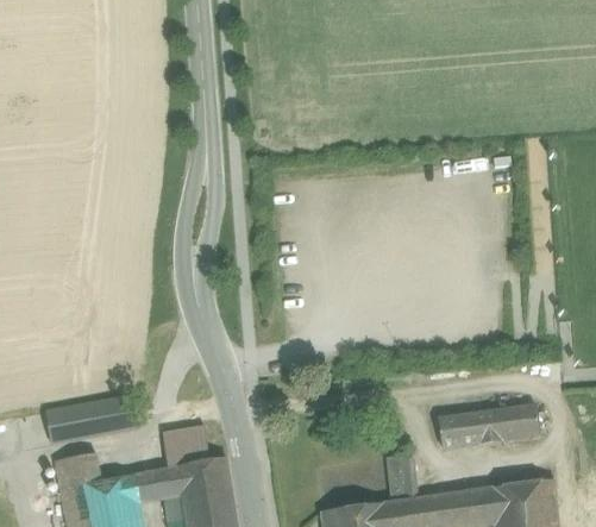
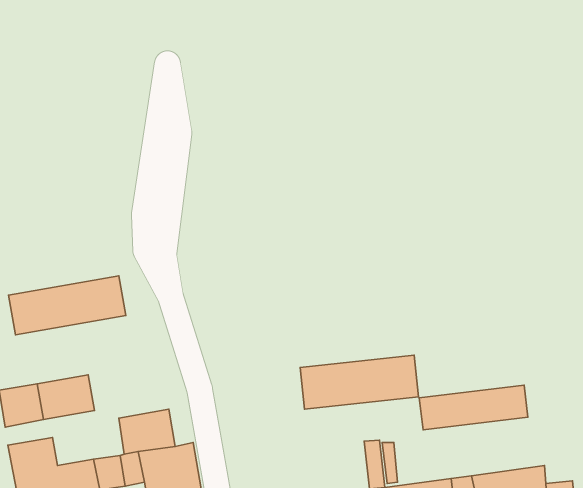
building: none -> [9,276,126,335]
building: none -> [300,355,419,409]

